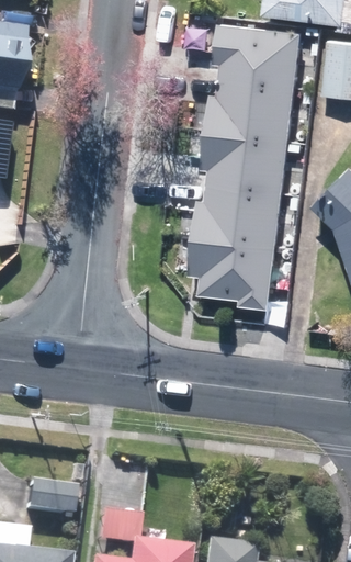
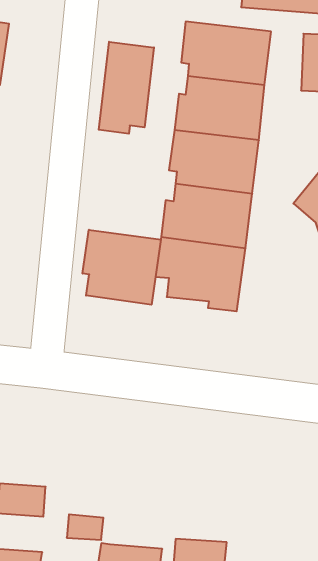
building: none -> [99,42,154,134]
building: none -> [83,230,161,305]

